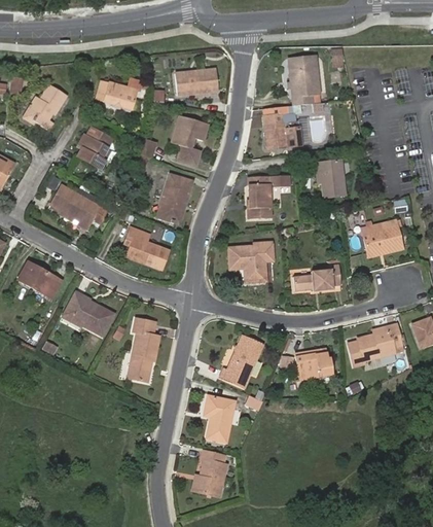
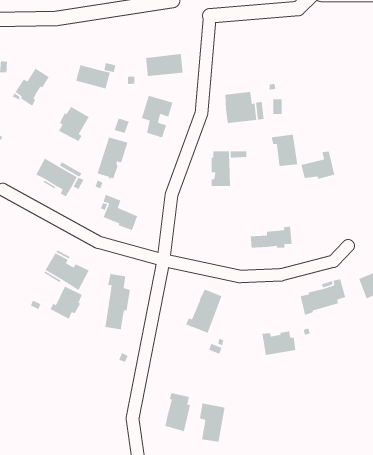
building: [289,64,320,105] -> none
building: [156,175,192,224] -> [97,137,128,180]
building: [364,219,403,252] -> [301,151,335,180]
building: [229,243,273,281] -> none
building: [15,261,60,298] -> none
building: none -> [49,286,83,320]
building: [294,351,333,380] -> [262,331,296,356]
building: [204,396,233,442] -> [199,402,226,442]

